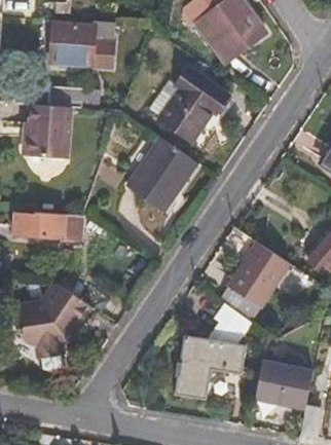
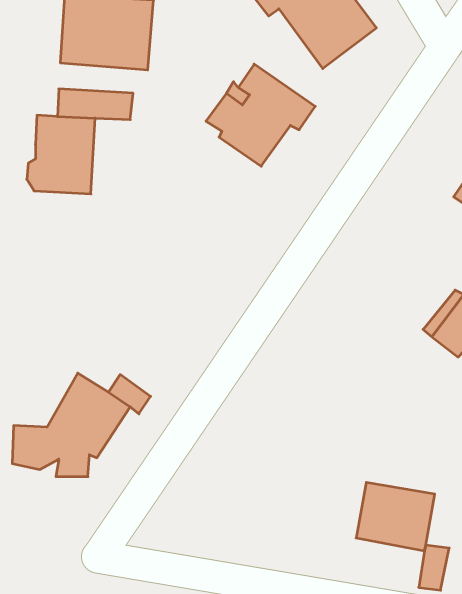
building: [124,135,196,210] -> none
building: [15,213,73,239] -> none
building: [229,239,291,305] -> none
building: [172,304,248,402] -> none

